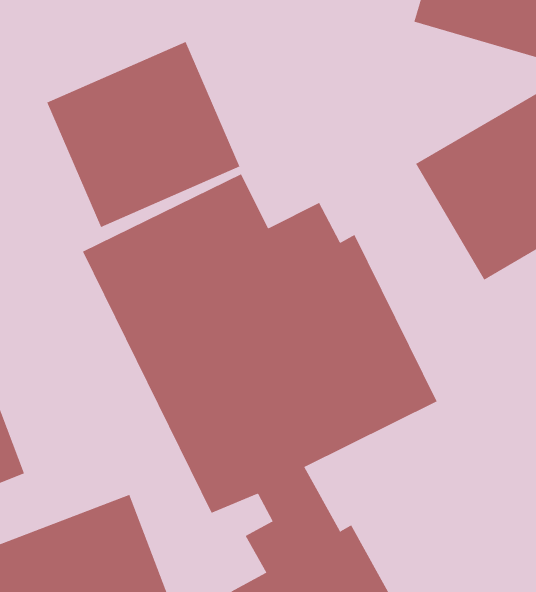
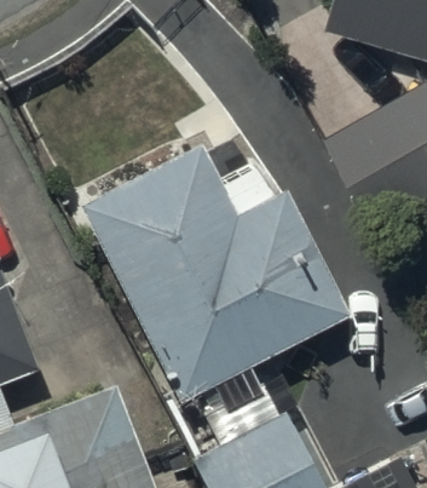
building: [46,41,240,228] -> none

